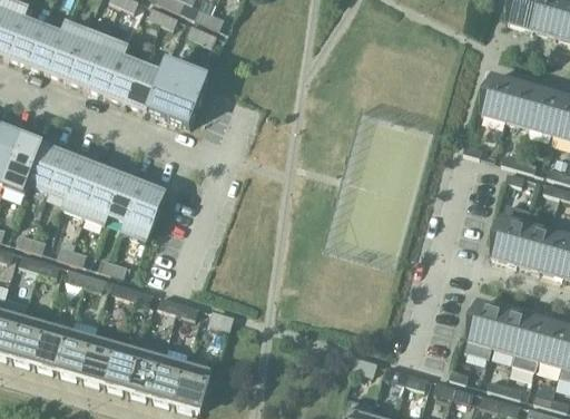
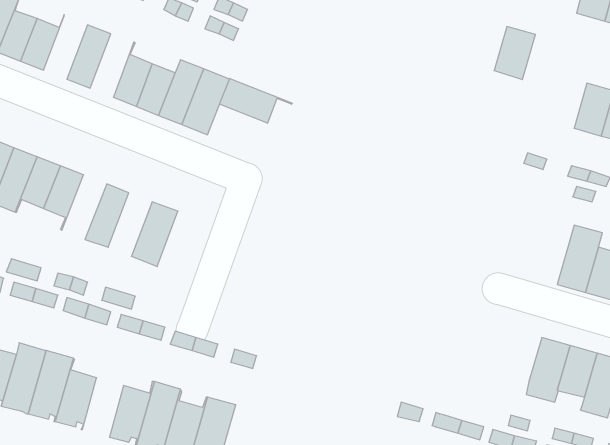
building: [48,23,86,78] -> none
building: [88,39,126,94] -> none
building: [481,75,517,120] -> [494,27,535,80]
building: none -> [220,78,292,123]
building: [63,160,102,216] -> none
building: [104,176,141,231] -> none
building: [81,335,117,387] -> none

